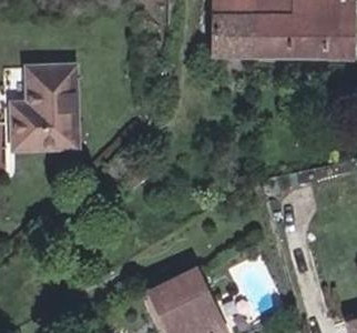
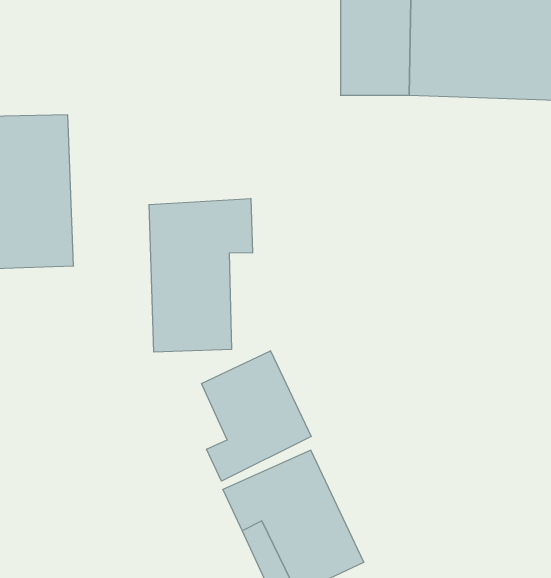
building: none -> [149,198,252,352]
building: none -> [201,351,311,481]

